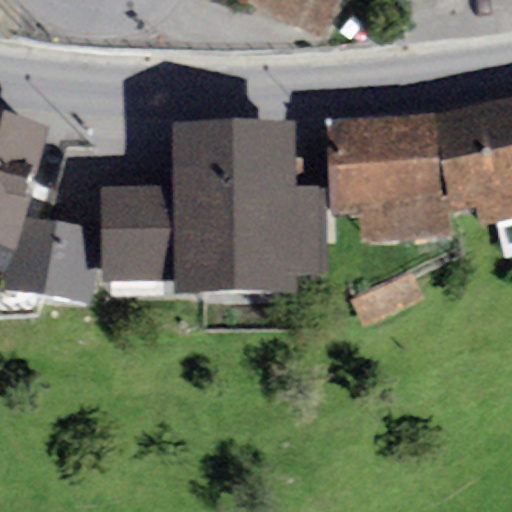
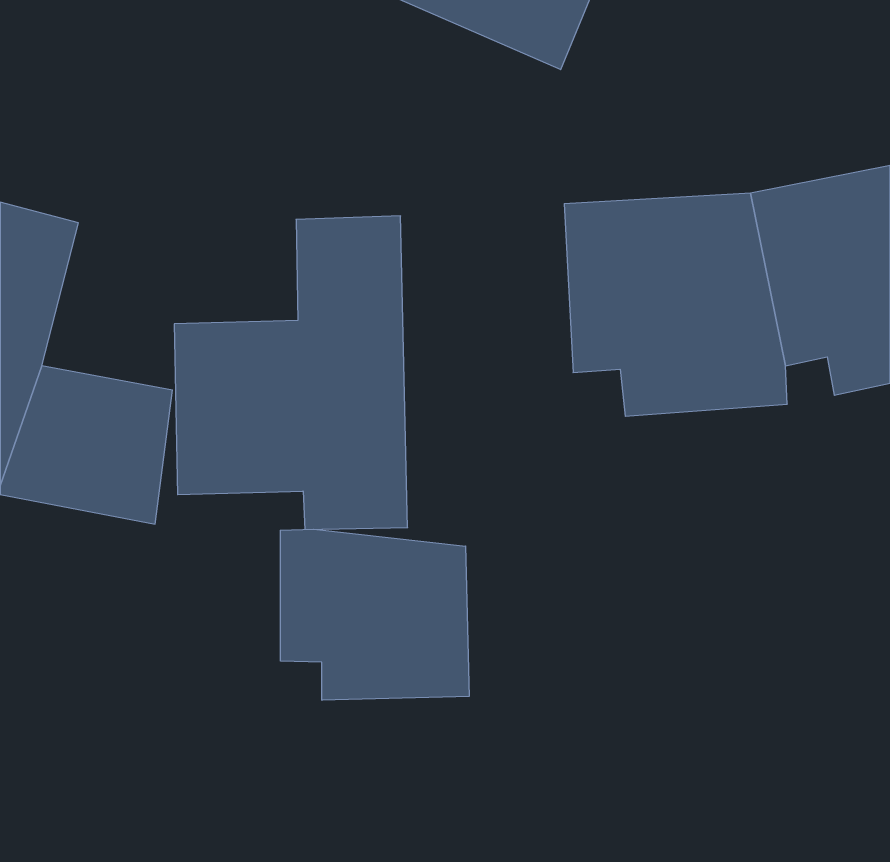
building: [230,123,326,303] -> none
building: none -> [280,529,469,700]

